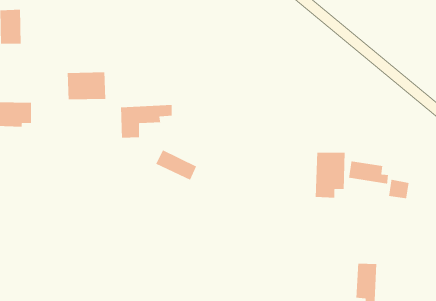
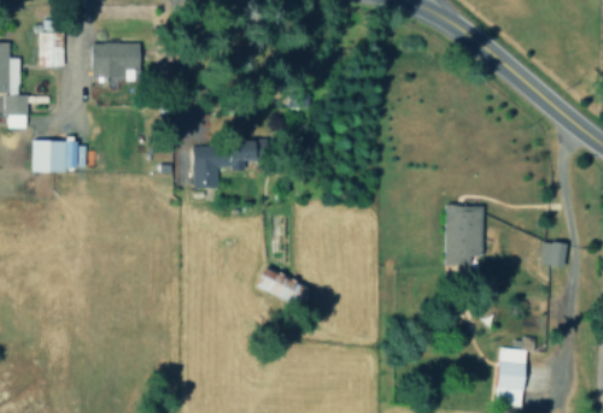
building: [67,71,106,100] -> [93,42,144,79]
building: [155,149,197,181] -> [256,266,310,307]
building: [348,160,389,185] -> none

